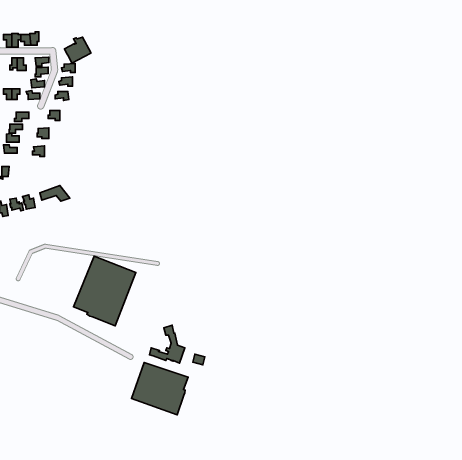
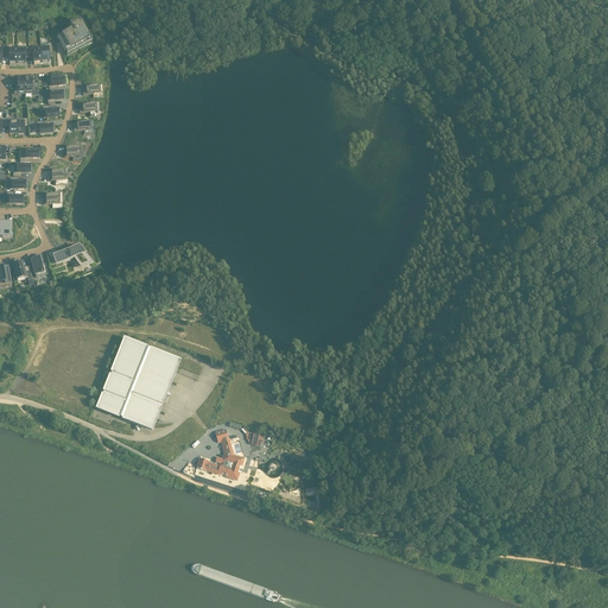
building: [64,37,91,63] -> [56,19,90,53]
building: [132,363,188,415] -> none

